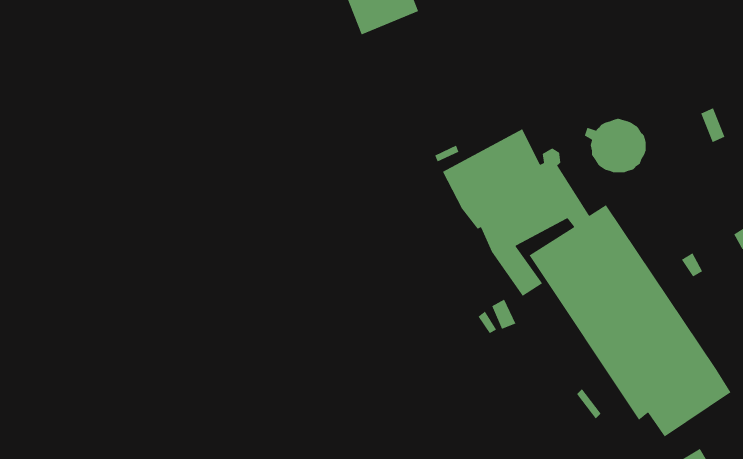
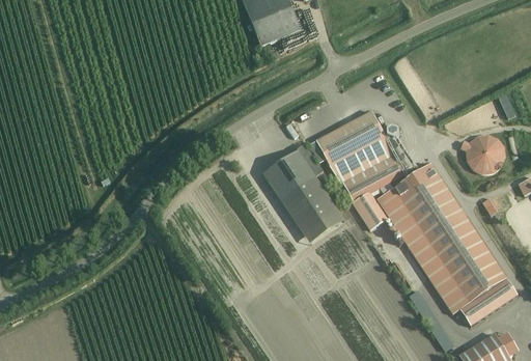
building: [584,118,646,173] -> [460,134,504,172]
building: none -> [262,145,343,243]

